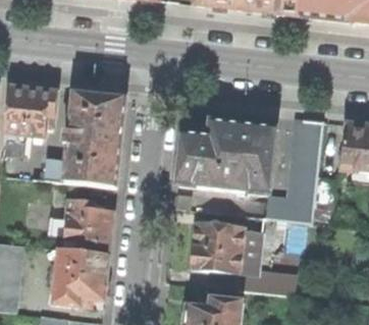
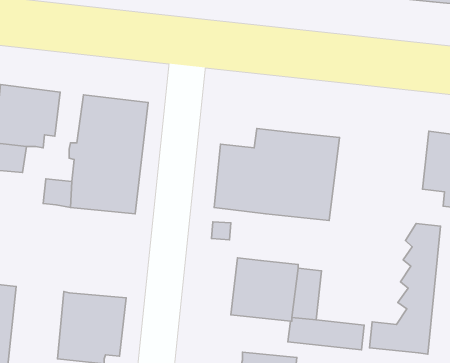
building: [267,117,323,220] -> [369,224,441,354]
building: [57,198,114,253] -> none

